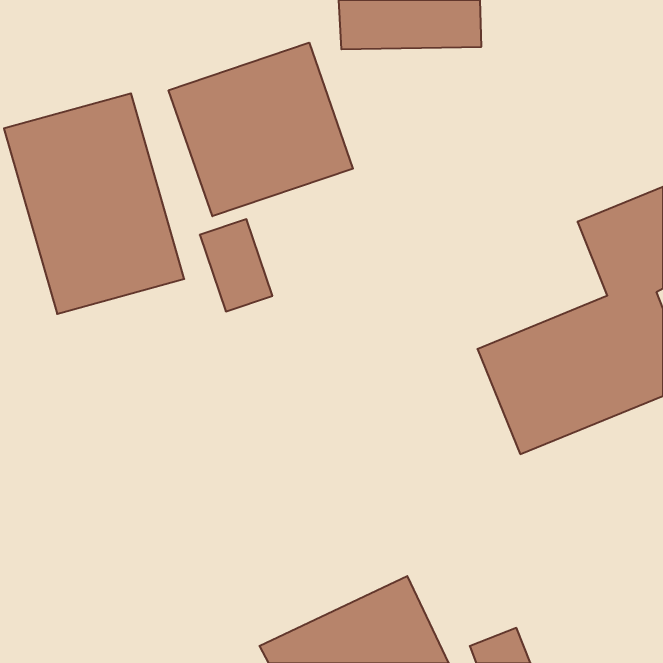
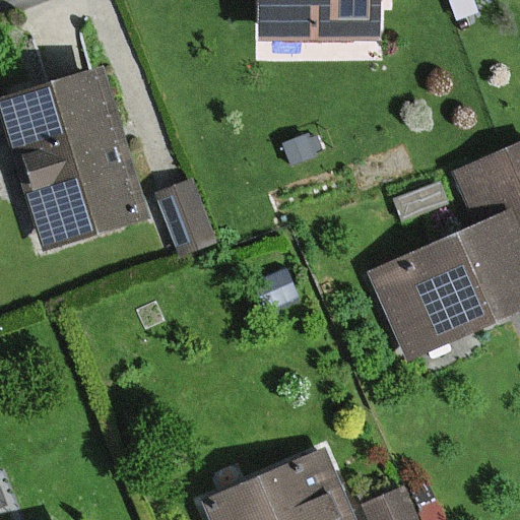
building: [169,43,353,216] -> none

